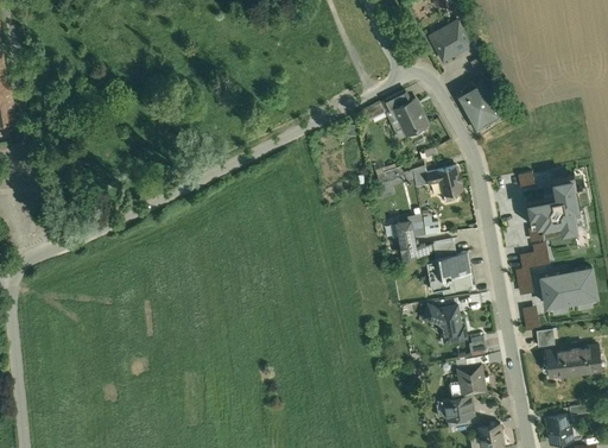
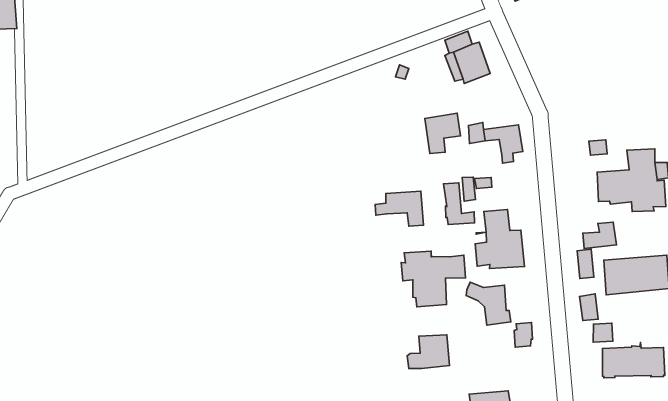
building: [456,83,500,131] -> none
building: none -> [375,191,424,226]
building: none -> [401,251,466,307]
building: [448,365,484,397] -> [407,335,449,369]

